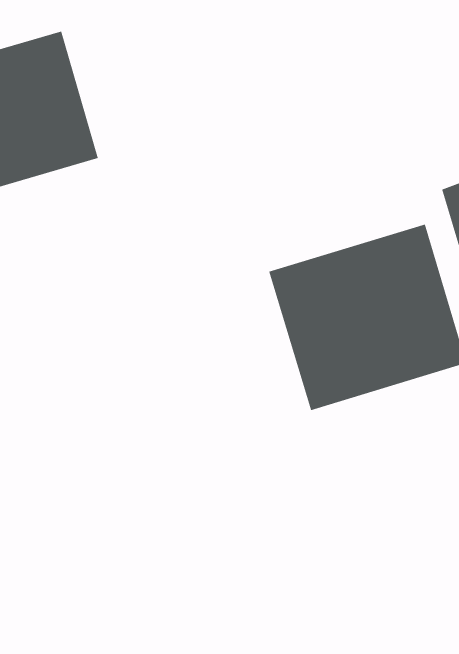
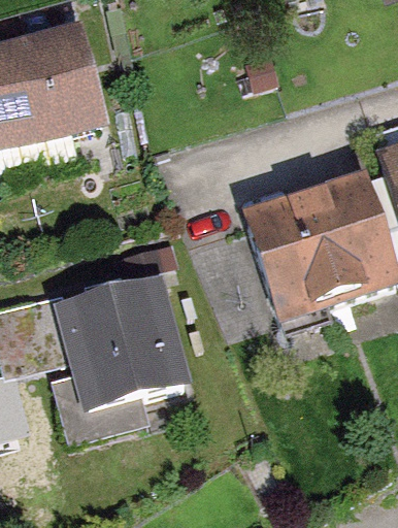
building: none -> [48,276,193,414]

